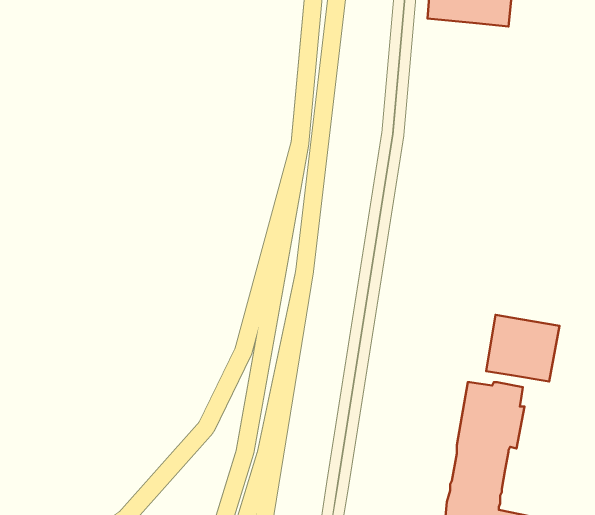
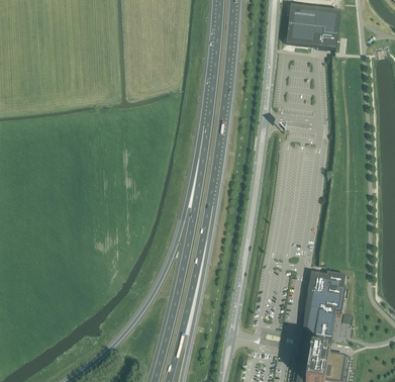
building: [486,315,560,382] -> none

